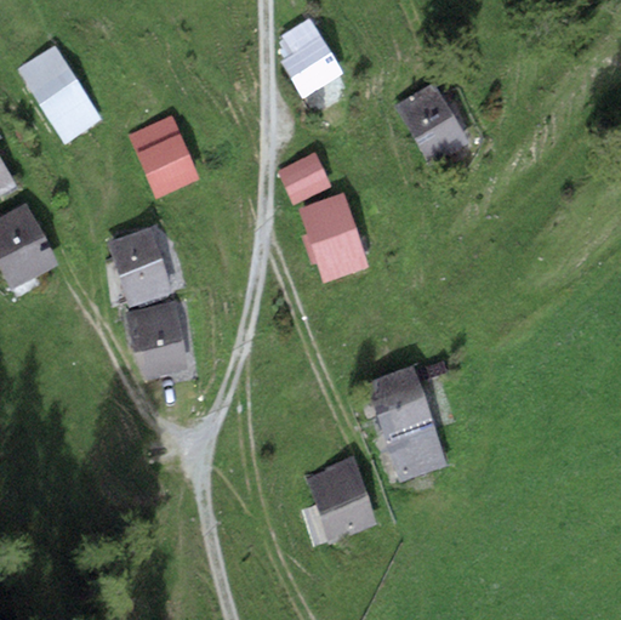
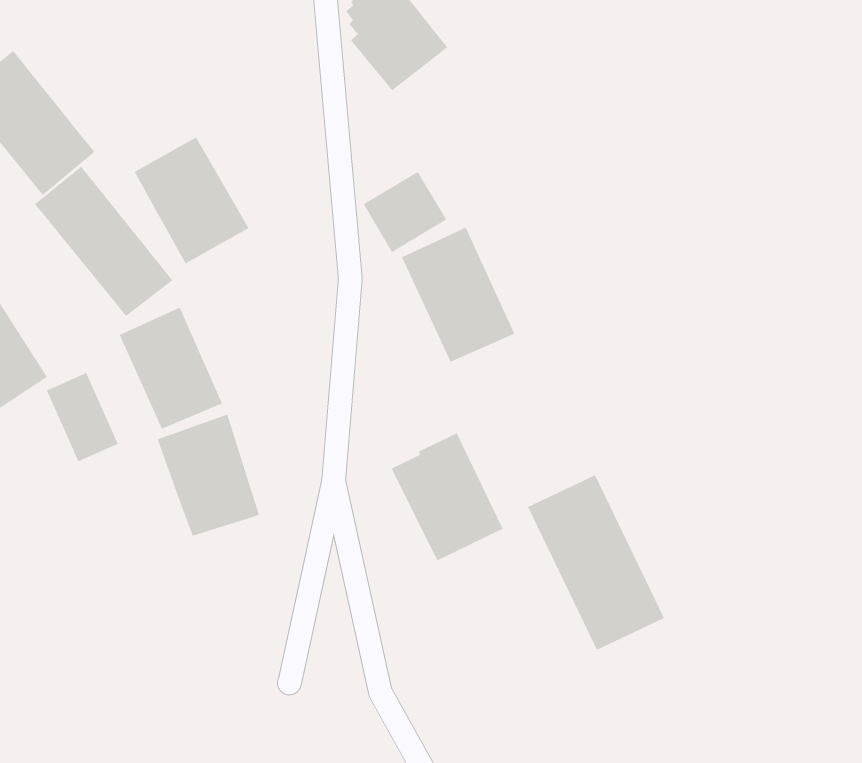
building: [395,84,468,165] -> none
building: none -> [34,166,173,317]
building: none -> [46,372,118,462]
building: [307,457,377,541] -> [391,433,503,561]

